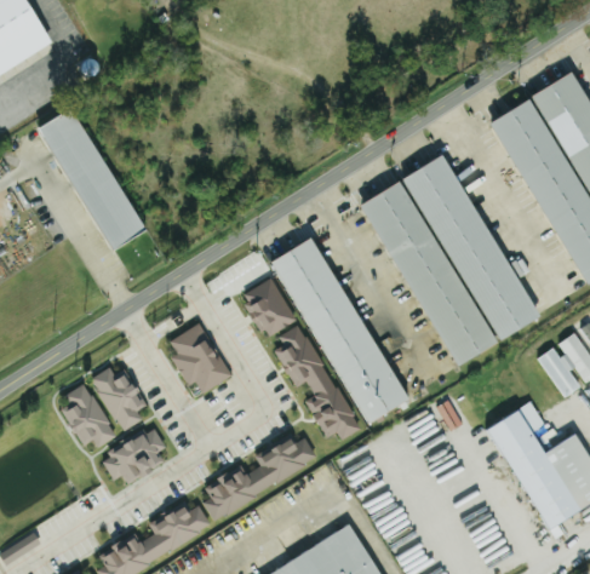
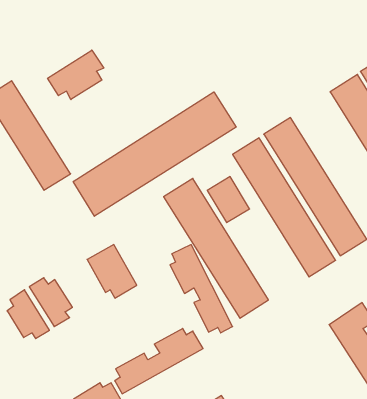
building: none -> [48,50,104,100]
building: none -> [73,92,236,216]
building: [244,277,299,338] -> [207,177,250,223]
building: [102,429,167,484] -> none

